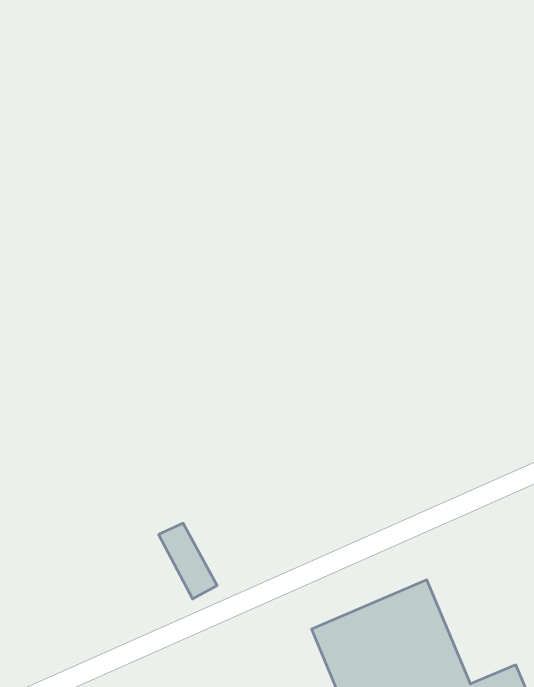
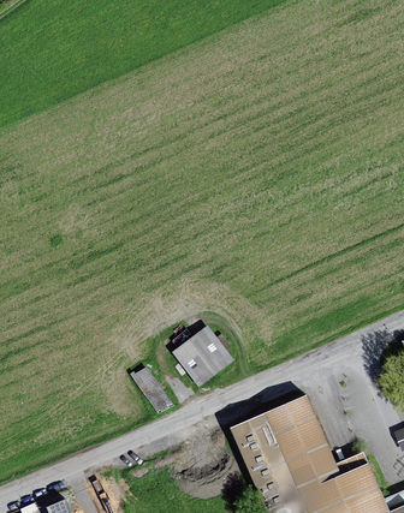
building: none -> [172,327,232,387]

